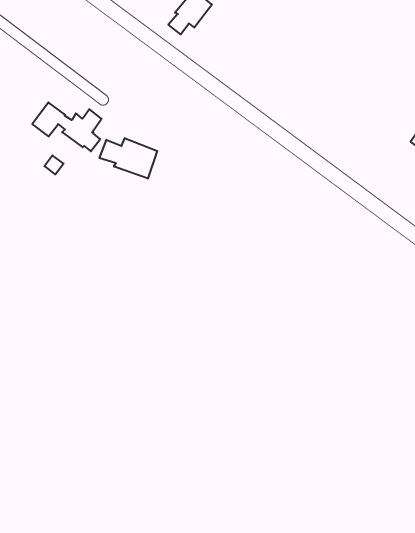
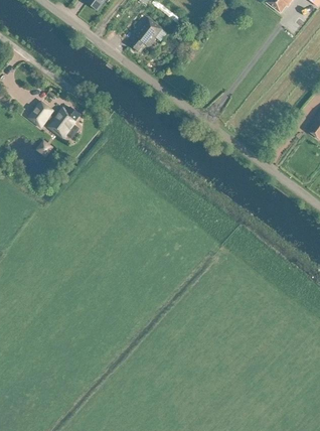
building: [99,138,157,179] -> none

